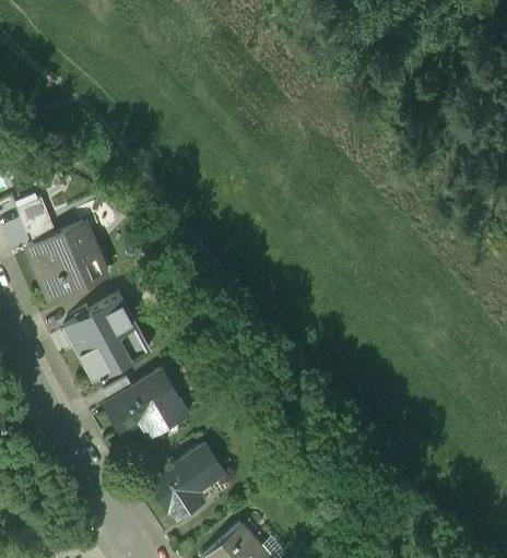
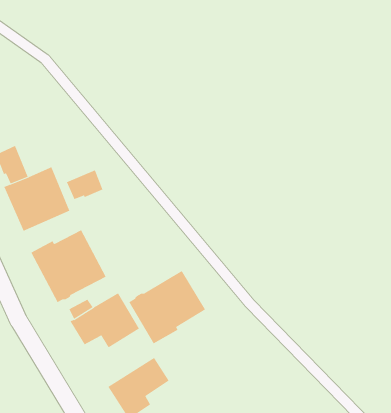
building: none -> [66,169,103,200]
building: none -> [129,270,206,344]

